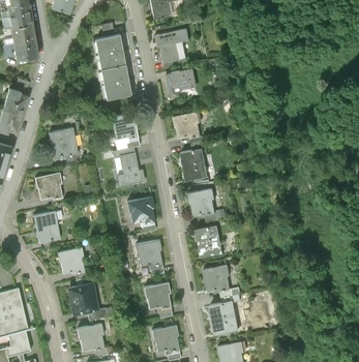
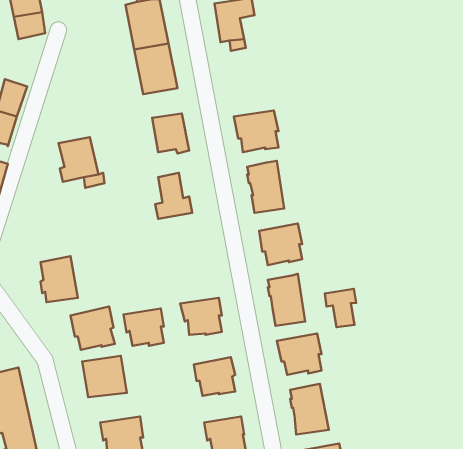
building: [166,70,195,97] -> none
building: [36,173,61,200] -> none
building: [123,198,151,223] -> [124,309,164,346]
building: none -> [325,289,356,327]

